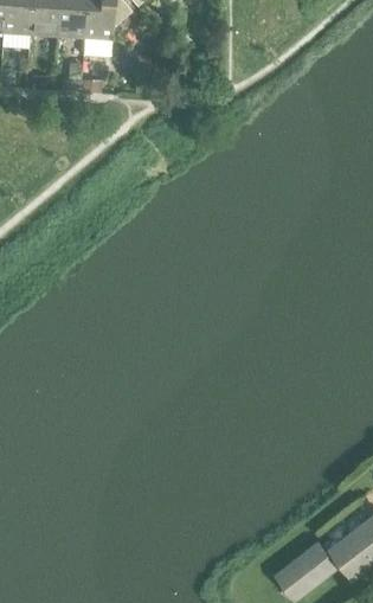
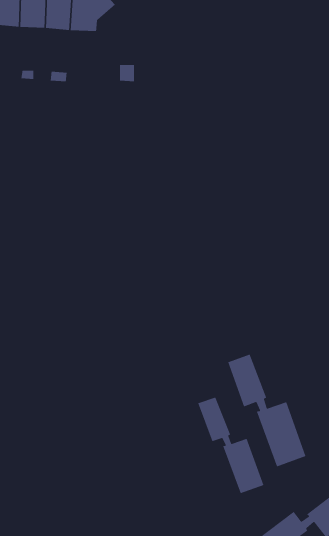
building: none -> [227,353,306,467]
building: none -> [197,396,265,494]

